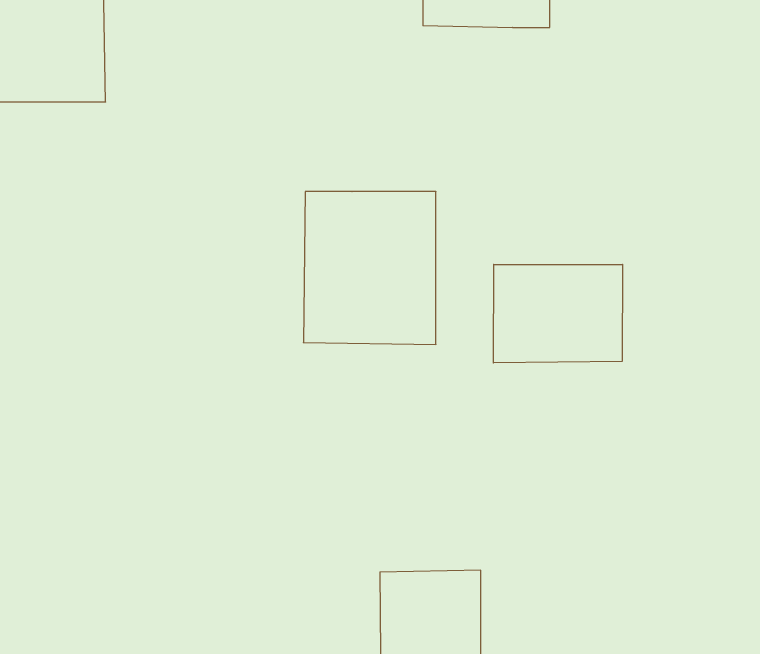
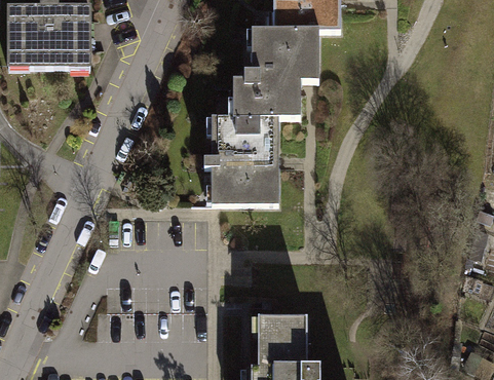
building: none -> [231,24,319,116]
building: [493,264,623,363] -> none

